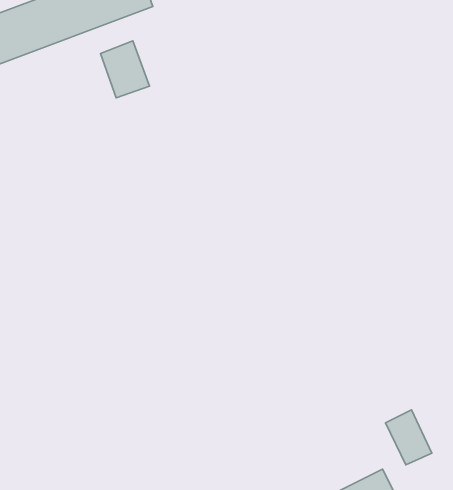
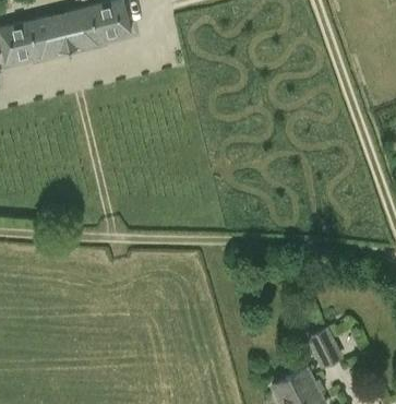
building: [100,41,150,98] -> none

